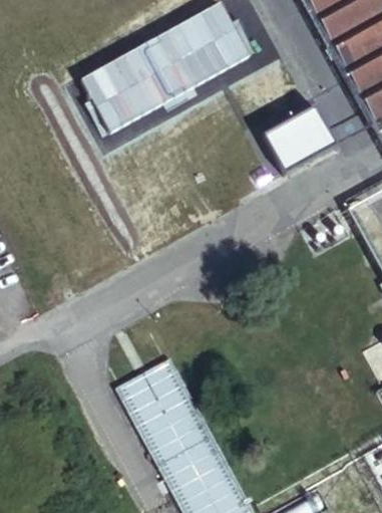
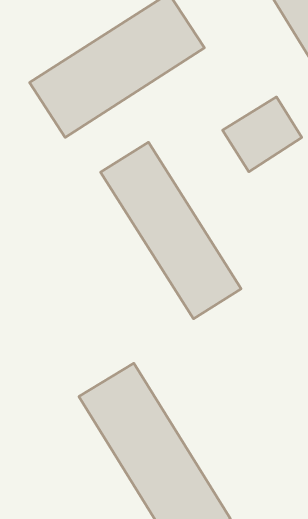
building: none -> [101,142,241,319]

